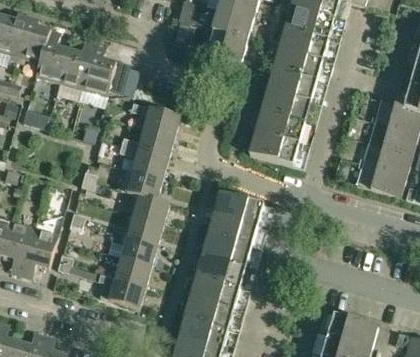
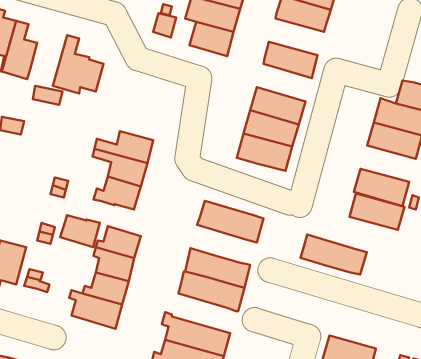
building: [279,27,329,60] -> none
building: [60,39,96,88] -> none
building: [268,68,318,102] -> none
building: [131,102,180,137] -> none
building: [362,142,412,175] -> [349,194,405,230]
building: [133,195,169,224] -> [60,215,100,247]
building: [208,214,268,250] -> [301,235,367,274]
building: [191,276,249,312] -> none

